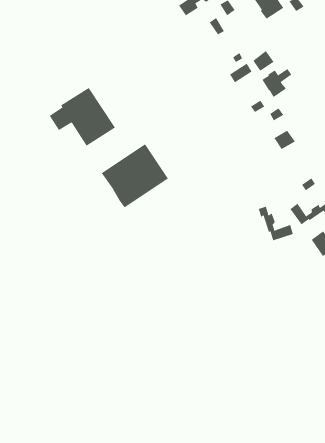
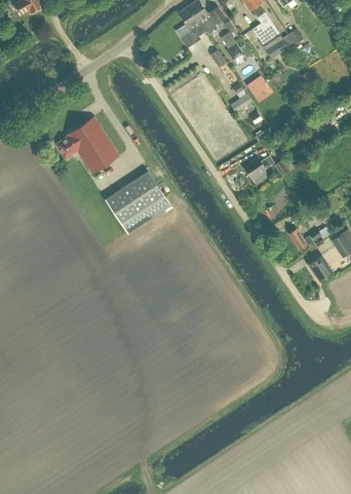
building: [261,68,292,98] -> [243,156,273,185]
building: [258,206,293,241] -> none

